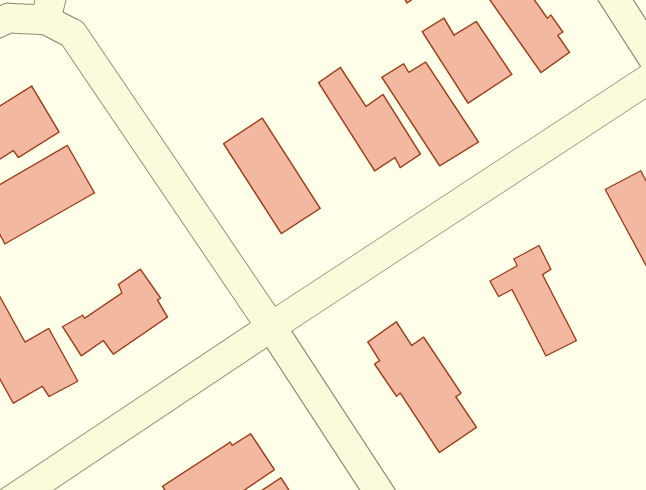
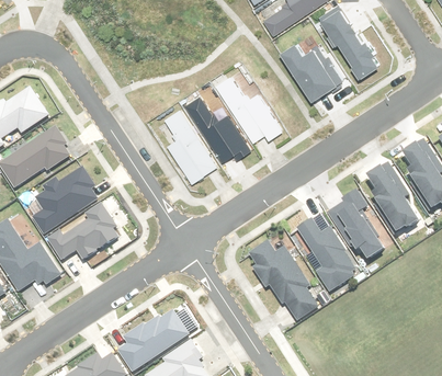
building: [382,62,479,166] -> [185,94,248,161]
building: none -> [365,164,422,239]
building: none -> [34,168,97,235]
building: none -> [298,220,356,290]

